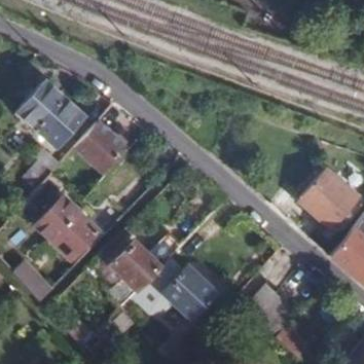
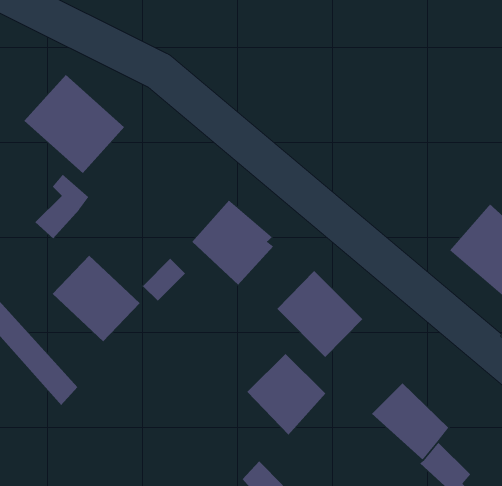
building: [75,119,130,176] -> [191,200,274,285]
building: none -> [276,270,363,358]
building: [111,244,159,293] -> none

